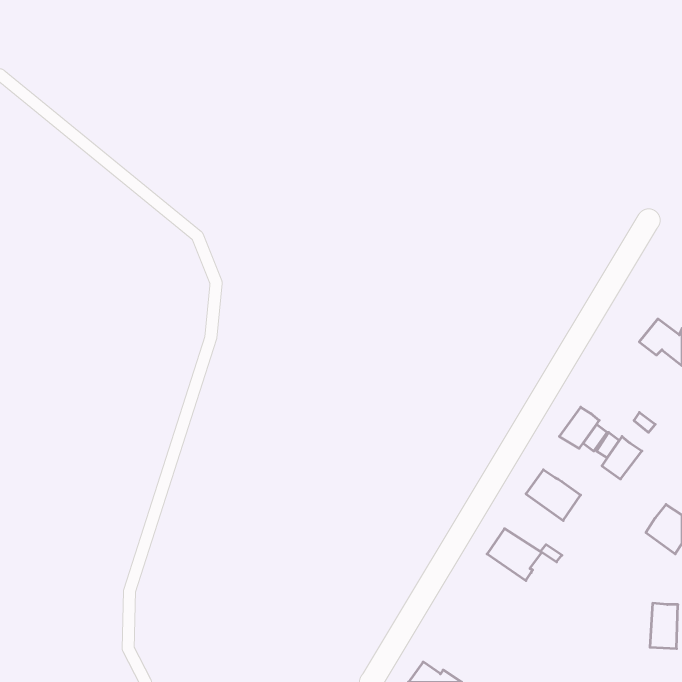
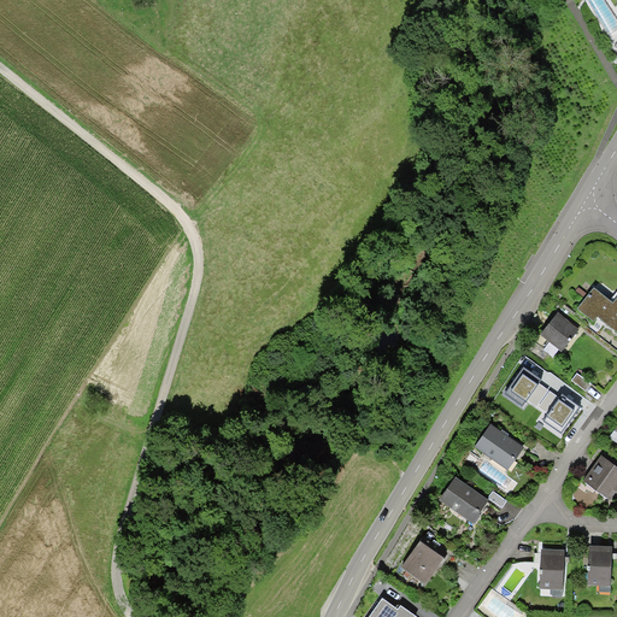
building: none -> [541,312,580,352]
building: none -> [401,541,445,584]
building: none -> [540,548,565,589]

